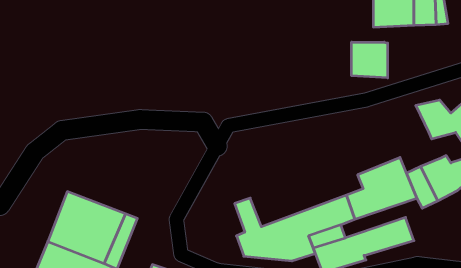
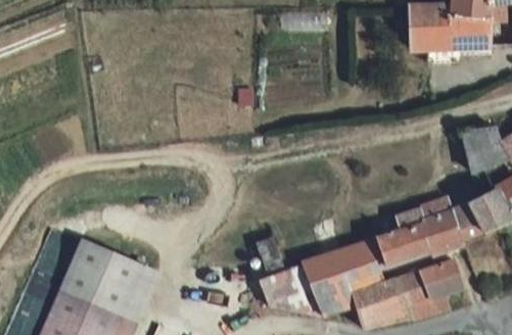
building: [352,42,388,78] -> none

